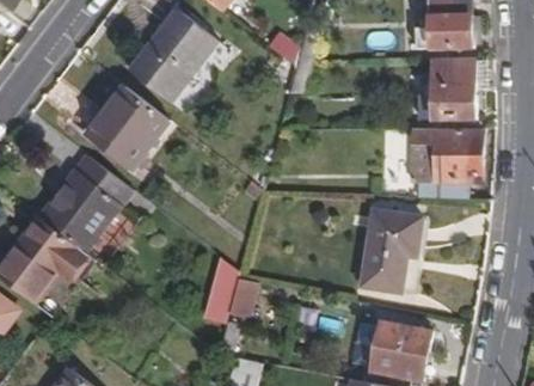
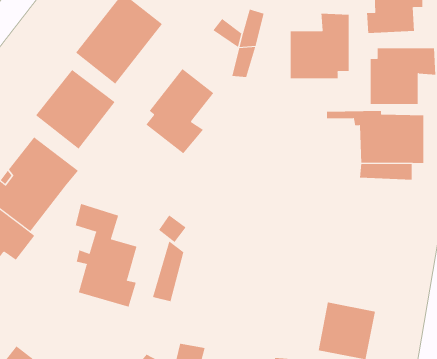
building: none -> [290,13,349,79]
building: none -> [146,68,214,154]
building: [362,212,423,294] -> none
building: none -> [75,203,137,307]

